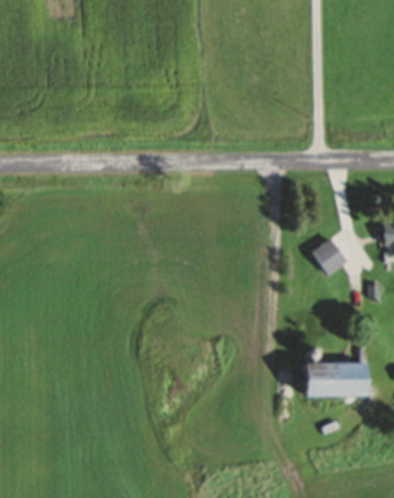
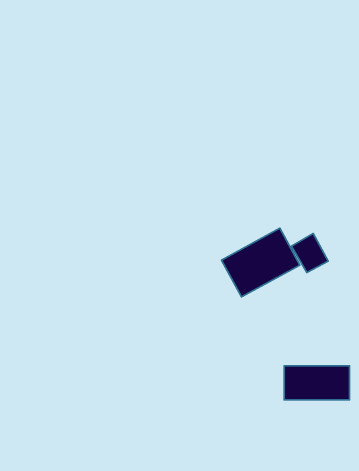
building: none -> [221,228,300,297]

